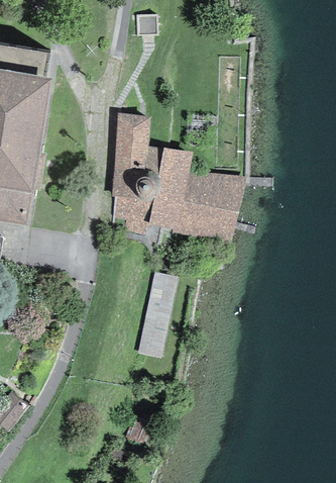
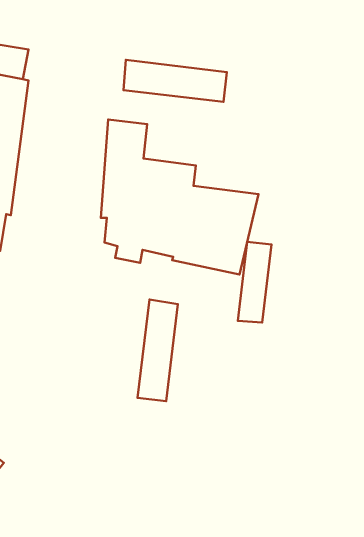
building: none -> [124,60,227,102]
building: none -> [238,242,271,323]

